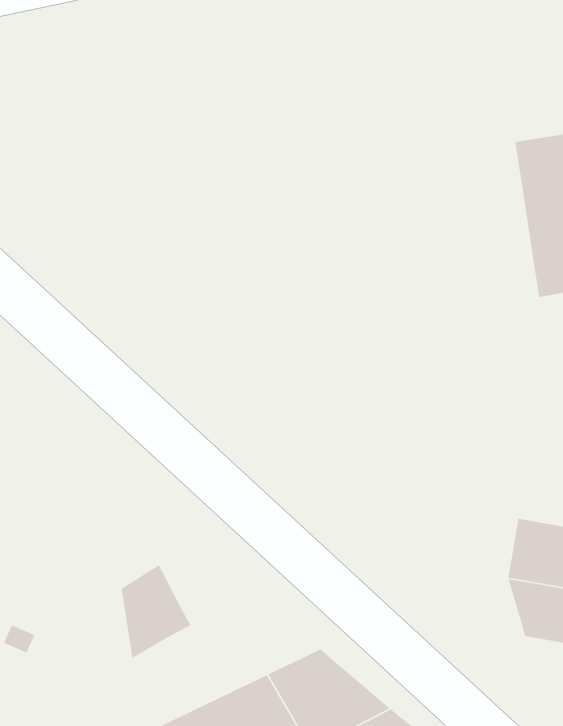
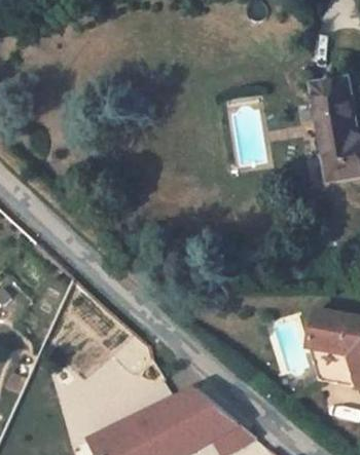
building: [121,564,192,659] -> none

